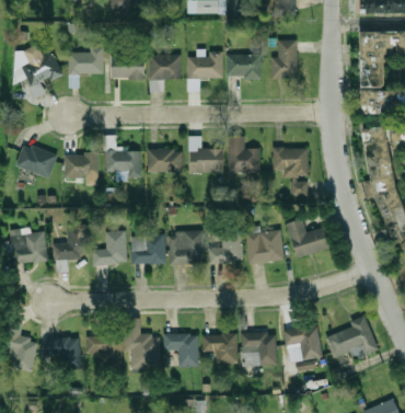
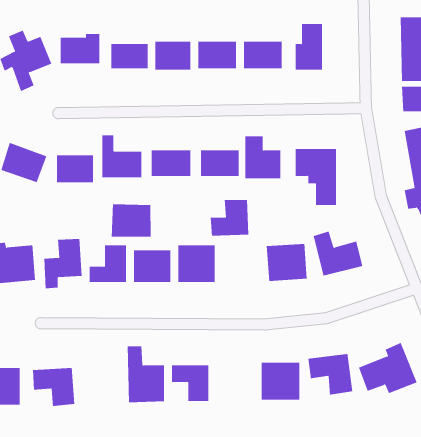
building: none -> [111,204,151,237]
building: [208,232,242,264] -> [210,199,249,236]
building: [86,335,120,369] -> none
building: [202,335,235,364] -> none

